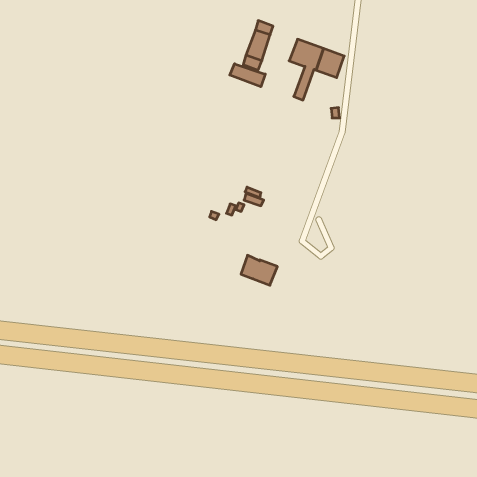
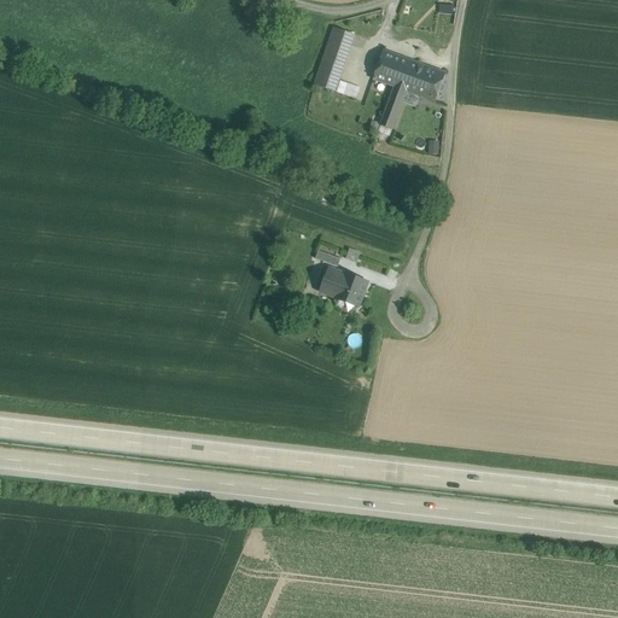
building: [230,64,265,87] -> none
building: [241,255,277,285] -> [320,267,367,305]

